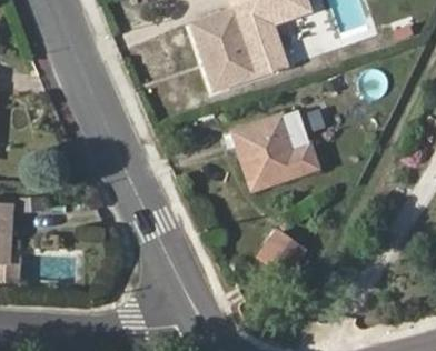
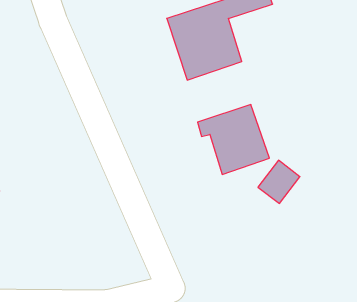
building: [258,230,304,277] -> [258,160,300,203]

